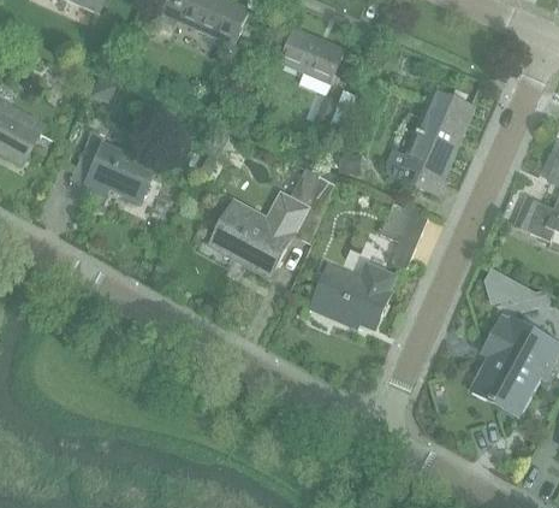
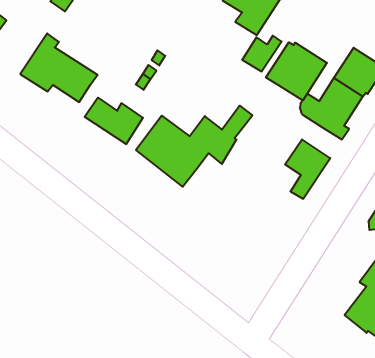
building: none -> [266,42,327,101]
building: none -> [85,98,143,144]
building: [310,262,396,327] -> none

